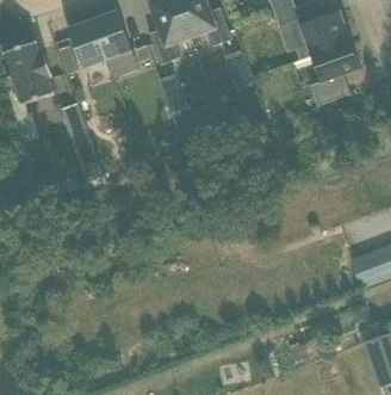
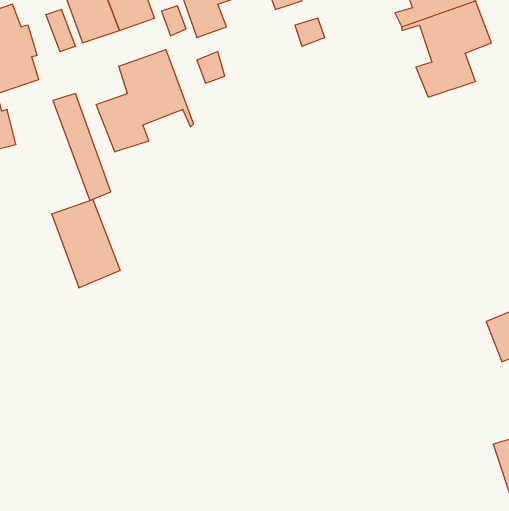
building: none -> [96,50,193,152]
building: none -> [52,199,120,288]

